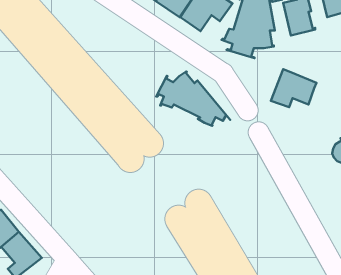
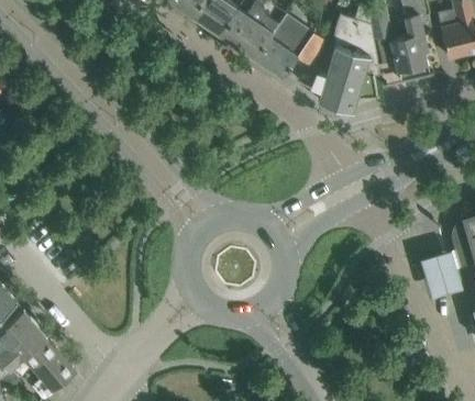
building: [271,69,316,107] -> none
building: [156,71,230,126] -> none
building: none -> [417,242,460,289]

